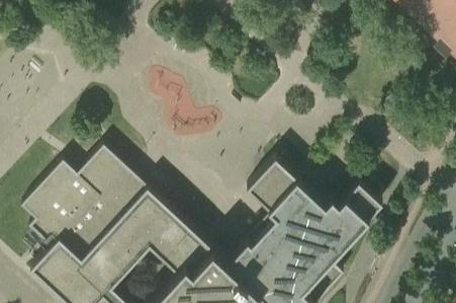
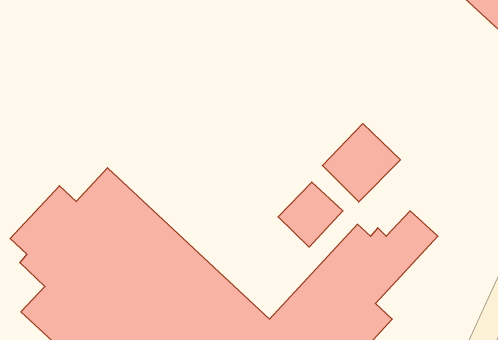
building: none -> [322,124,400,202]

